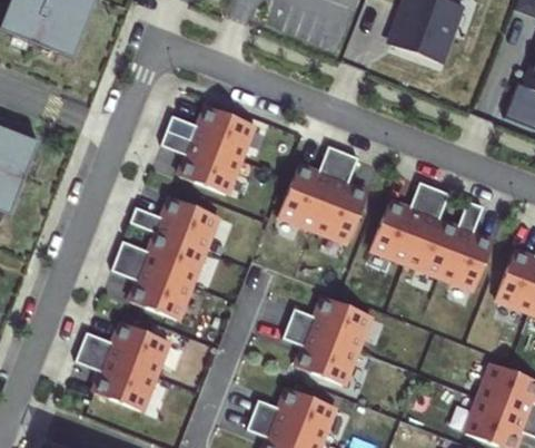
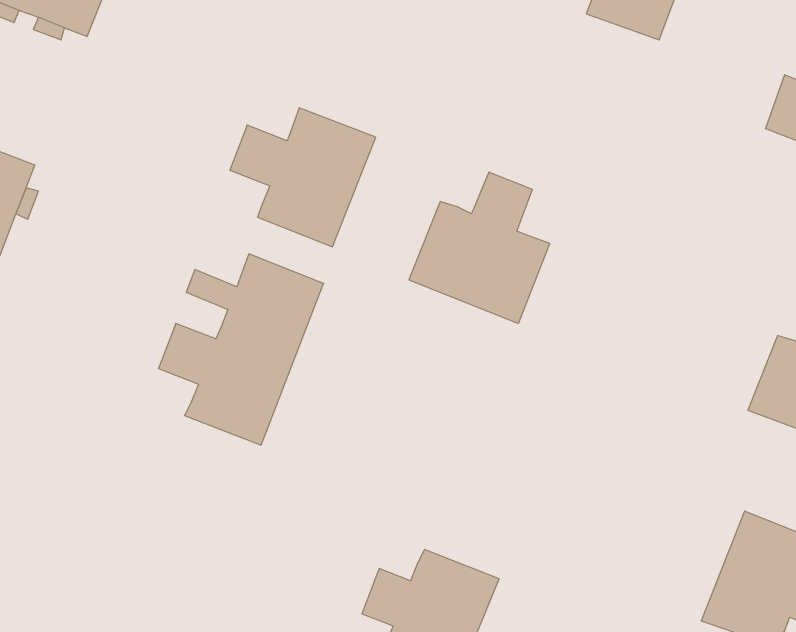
building: [369,184,492,291] -> none
building: [283,296,370,386] -> none
building: [79,323,172,412] -> none

